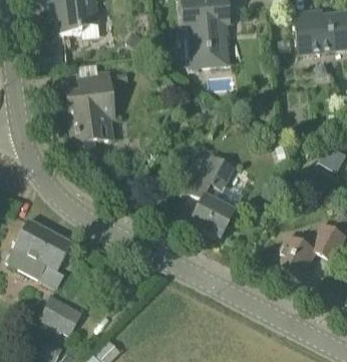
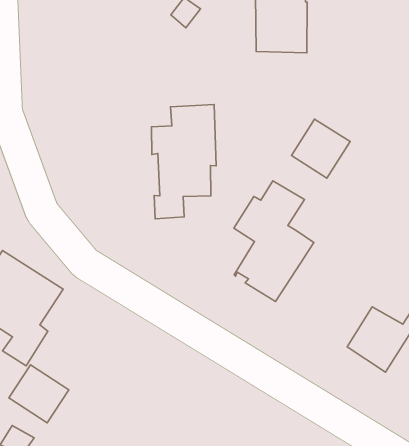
building: [66,73,113,155] -> [151,105,216,219]
building: none -> [291,119,350,178]

